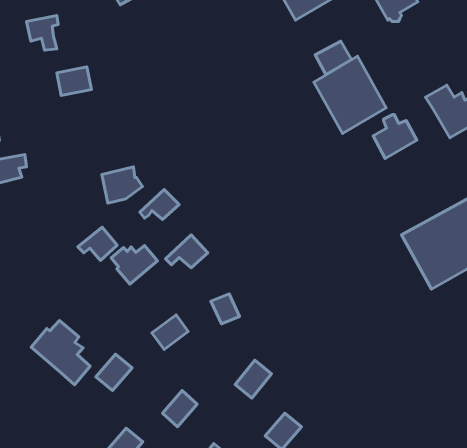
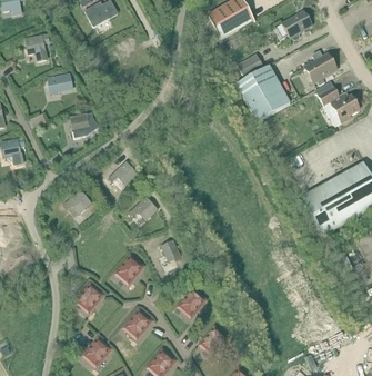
building: [373,115,417,158] -> [304,50,336,82]
building: [102,167,143,203] -> [69,111,99,138]
building: [111,246,158,284] -> none
building: [31,320,90,385] -> none

